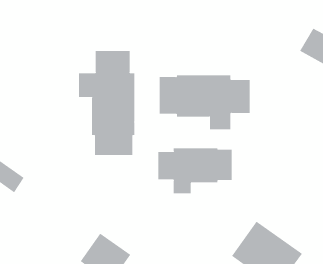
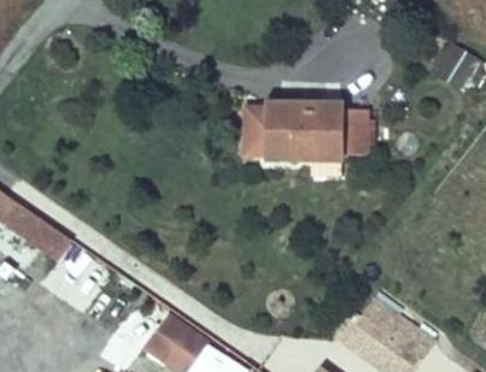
building: [78,50,135,156] -> none
building: [158,147,232,194] -> none

